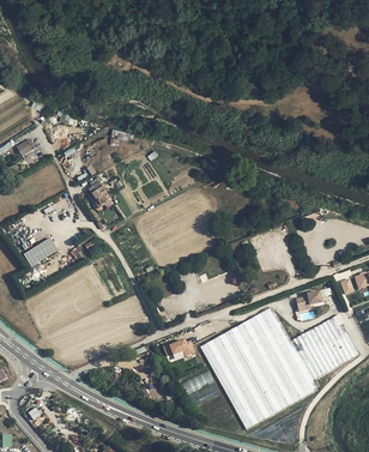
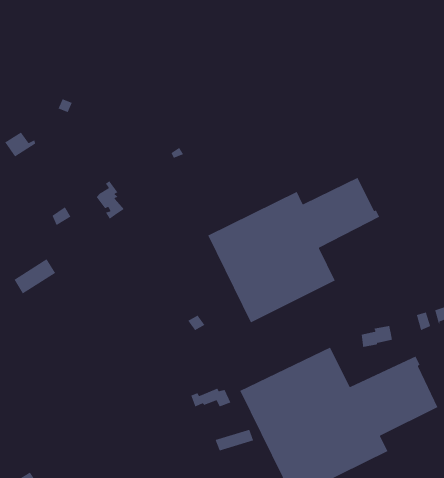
building: none -> [207,177,380,323]

